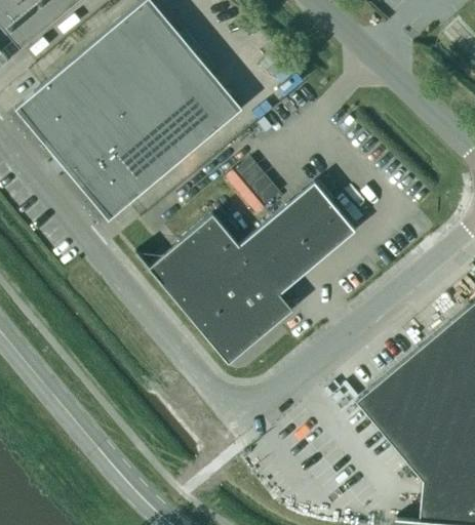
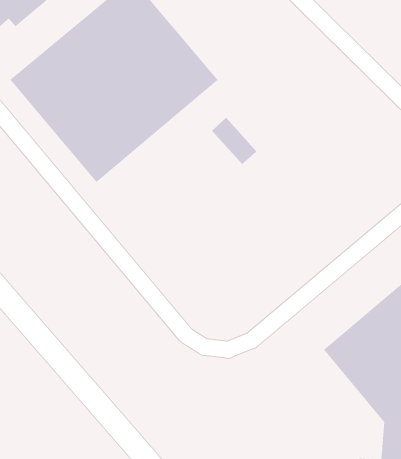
building: [136,183,354,363] -> none

